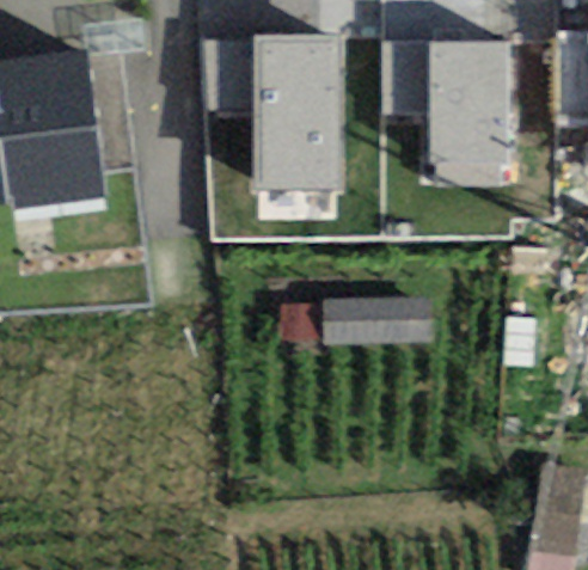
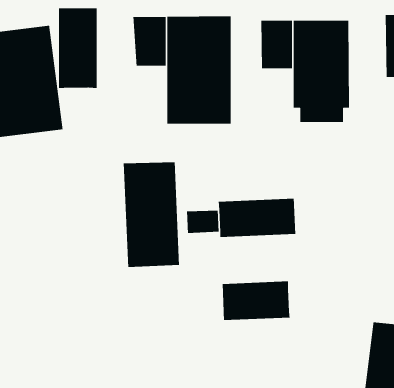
building: none -> [58,8,97,89]
building: none -> [123,161,180,268]
building: none -> [222,280,290,321]

